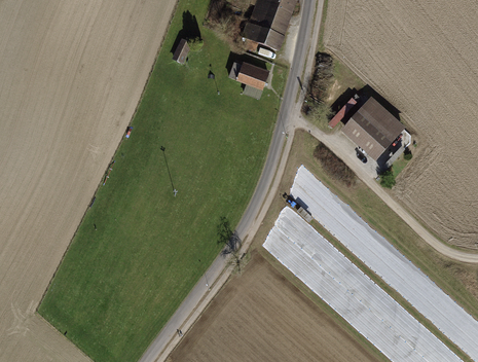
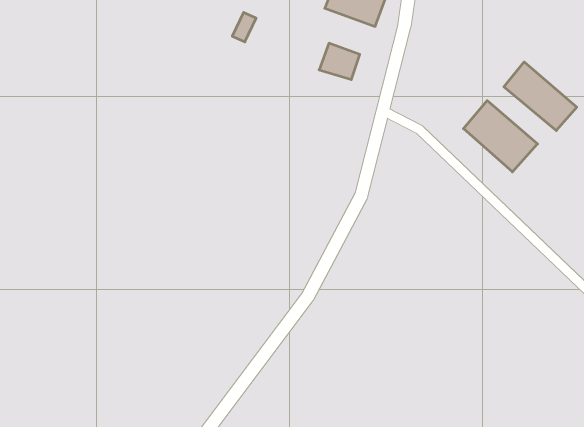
building: none -> [504,62,577,131]

